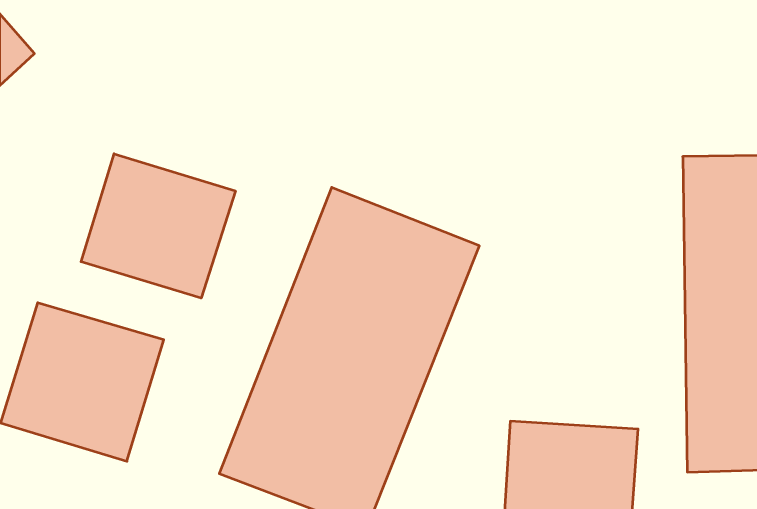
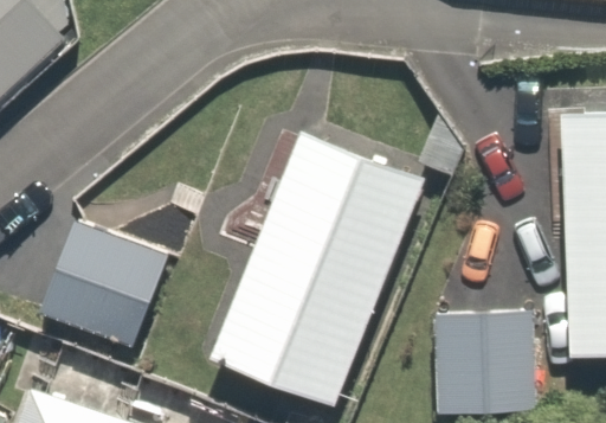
building: [81,154,235,298] -> none

